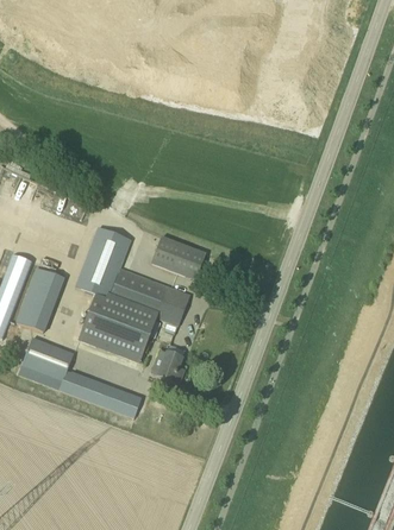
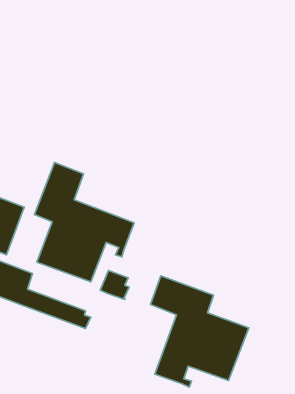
building: [151,235,206,279] -> none
building: none -> [151,276,249,387]

